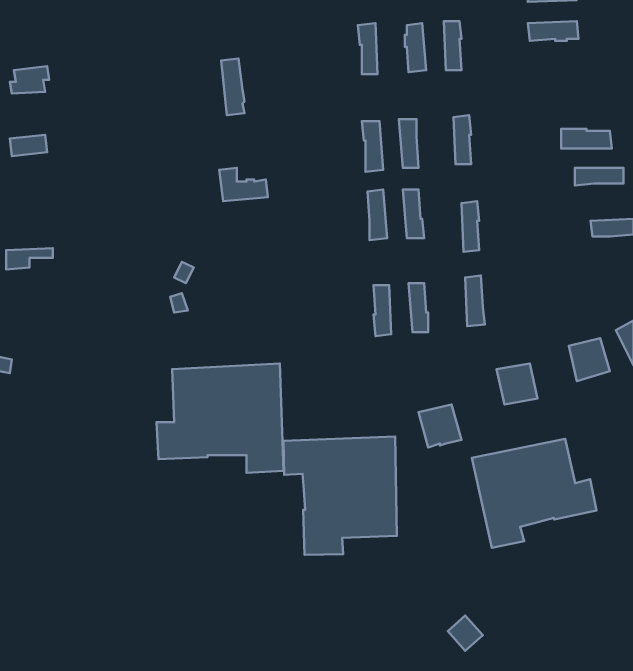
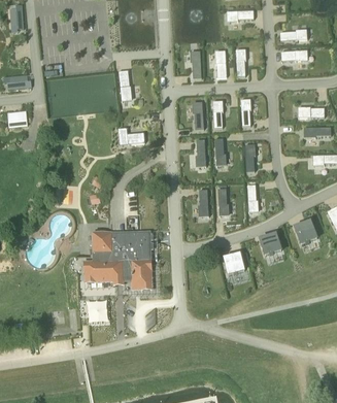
building: [284,437,397,555] -> none
building: [472,439,597,548] -> none

